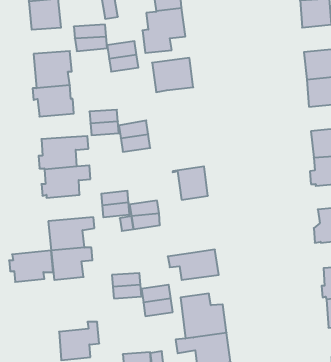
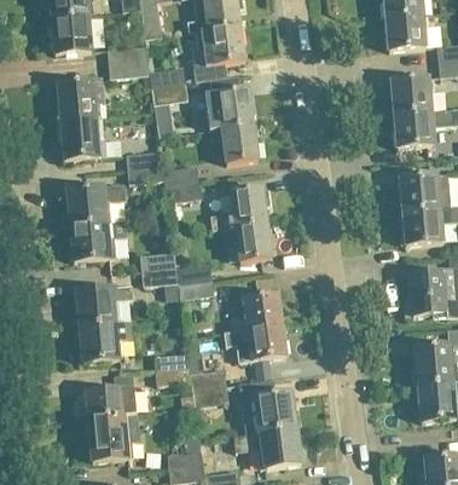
building: none -> [221,123,257,163]
building: none -> [209,186,271,231]
building: none -> [243,293,280,329]
building: [9,251,53,282] -> [81,387,135,426]

